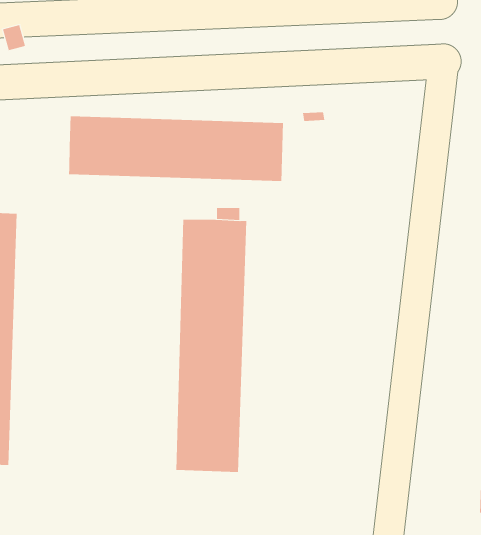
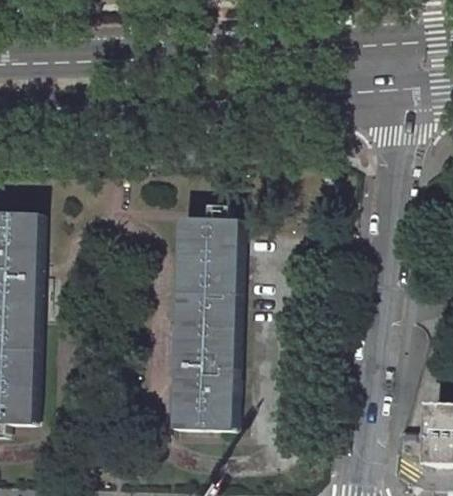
building: [68,116,284,182] -> none

